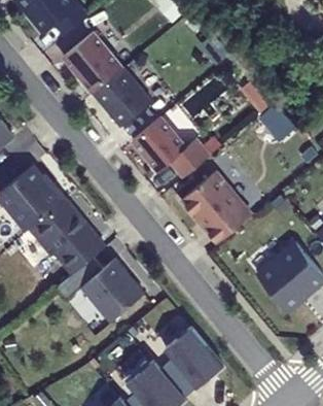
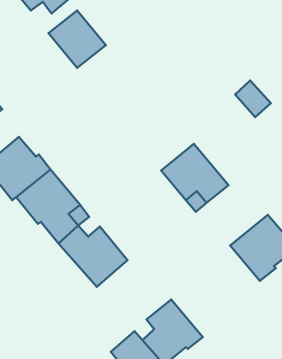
building: [92,65,150,125] -> none
building: [129,116,206,177] -> none

